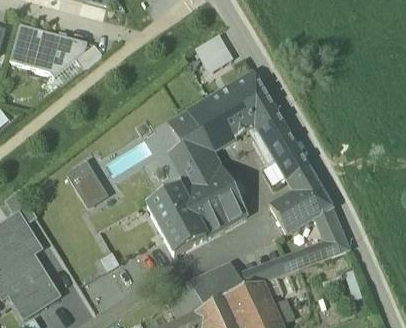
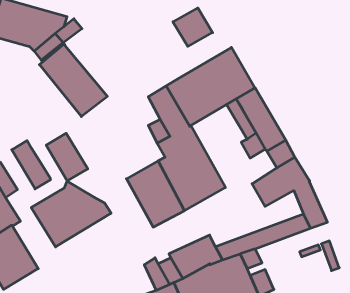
building: none -> [39,44,107,117]
building: none -> [12,141,50,189]
building: none -> [31,181,111,247]

